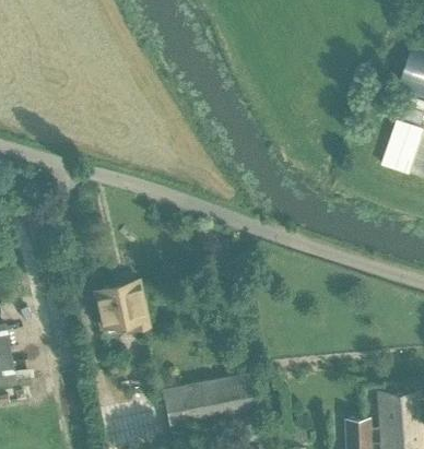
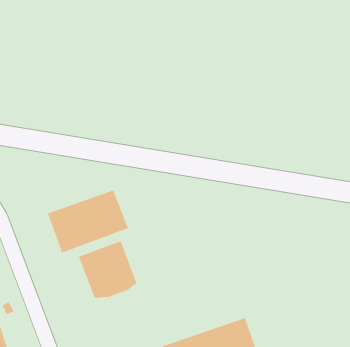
building: none -> [47,190,128,253]

